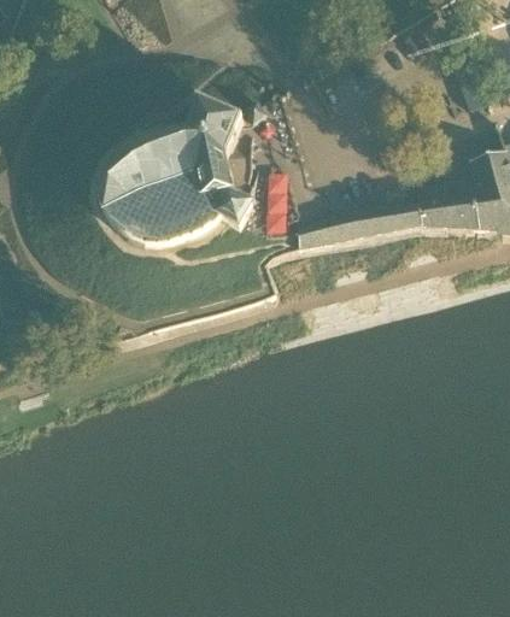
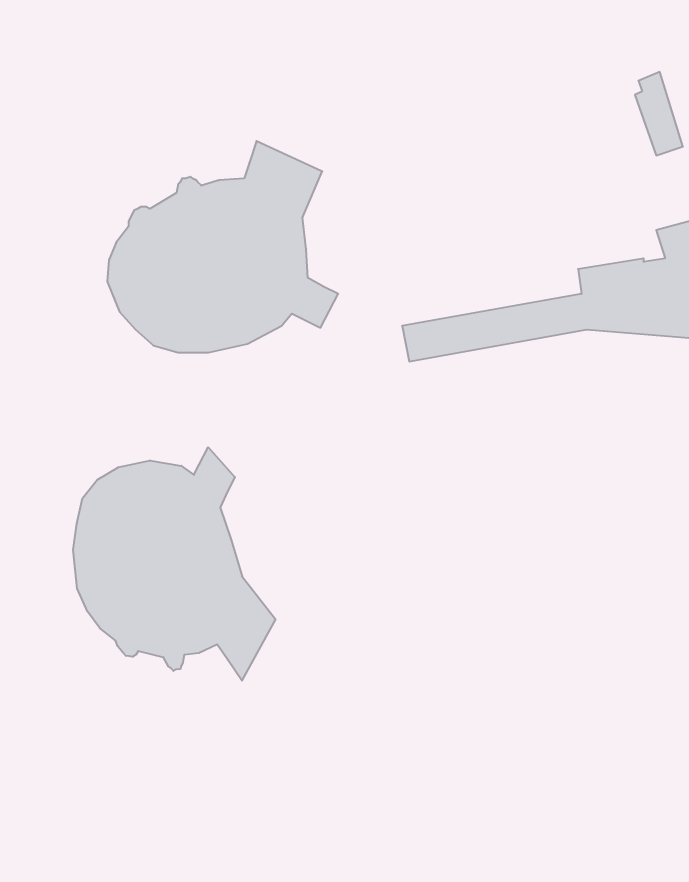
building: none -> [73,447,275,681]

